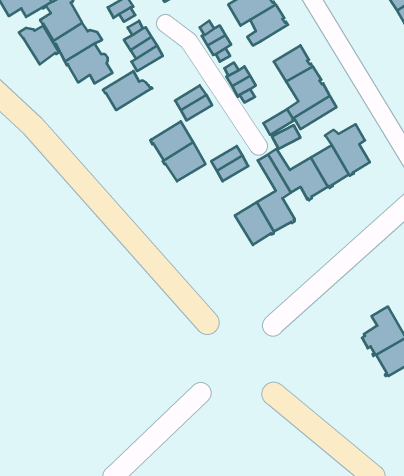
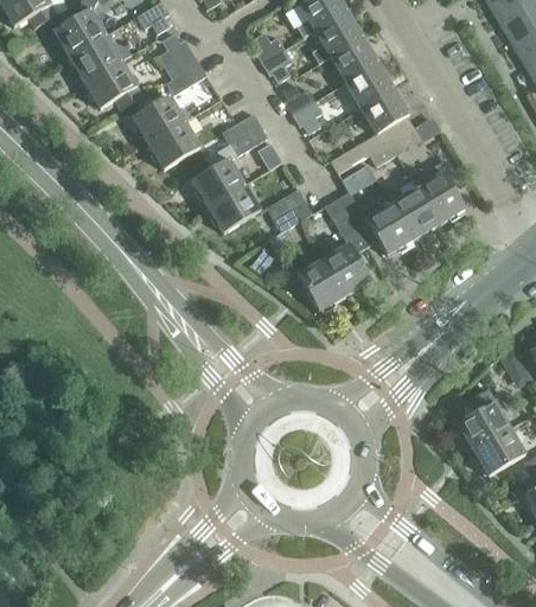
building: none -> [330,37,378,83]
building: [19,26,59,64] -> none
building: none -> [147,121,200,170]

